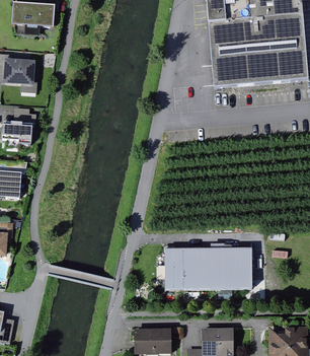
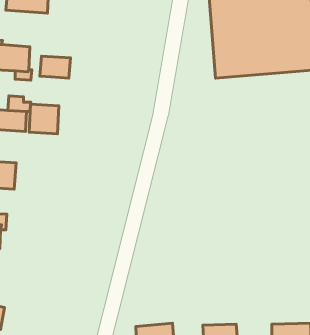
building: none -> [40,56,70,78]
building: none -> [29,104,59,134]
building: [163,247,252,294] -> none

